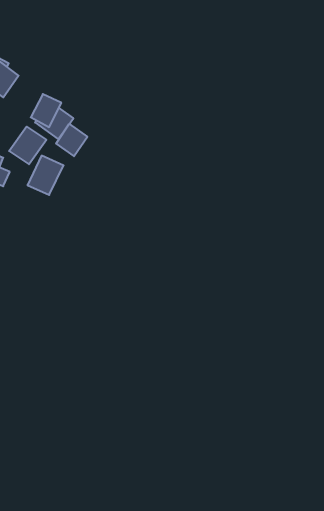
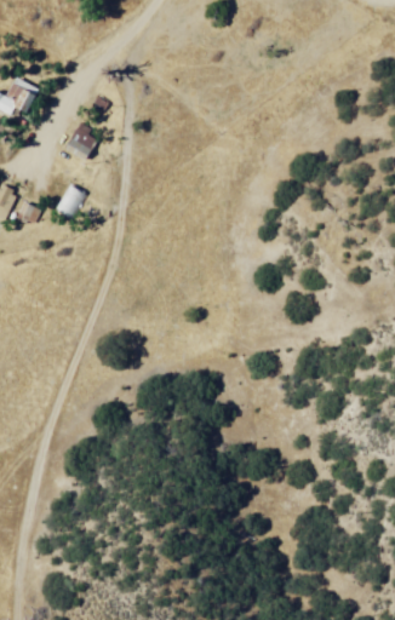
building: [56,124,87,156] -> none
building: [9,127,46,164] -> none

